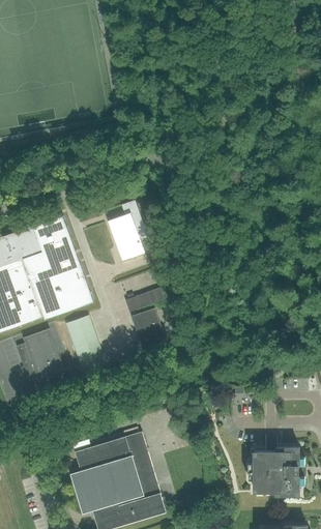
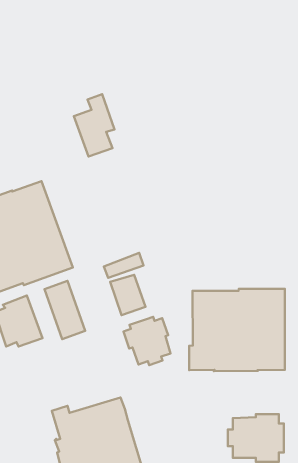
building: [107,199,147,261] -> [74,94,115,157]
building: none -> [189,289,285,371]
building: none -> [123,317,171,365]

